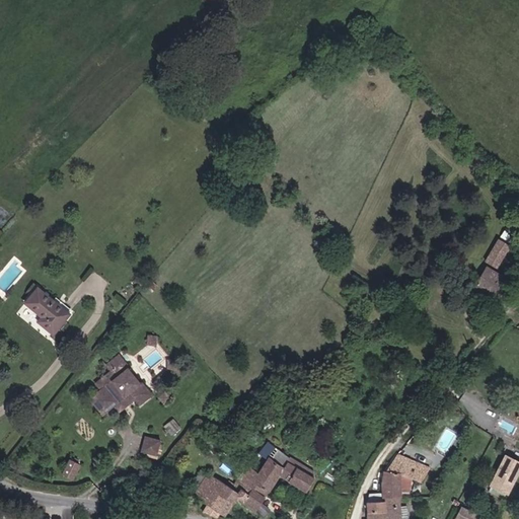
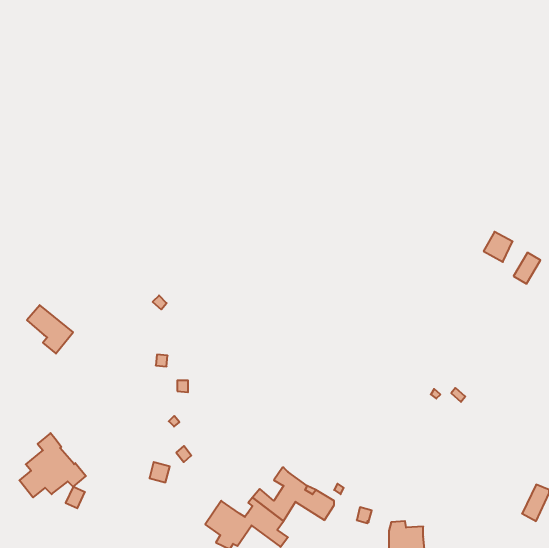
building: [476,269,504,297] -> [484,232,513,262]
building: [89,355,152,416] -> [19,433,86,497]
building: [382,454,430,499] -> none

